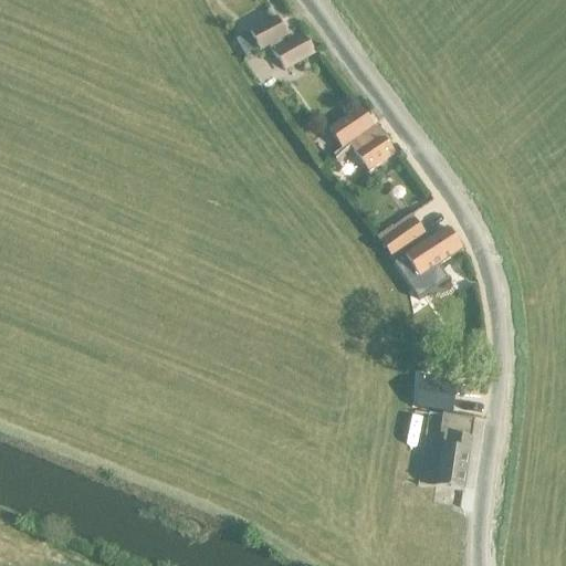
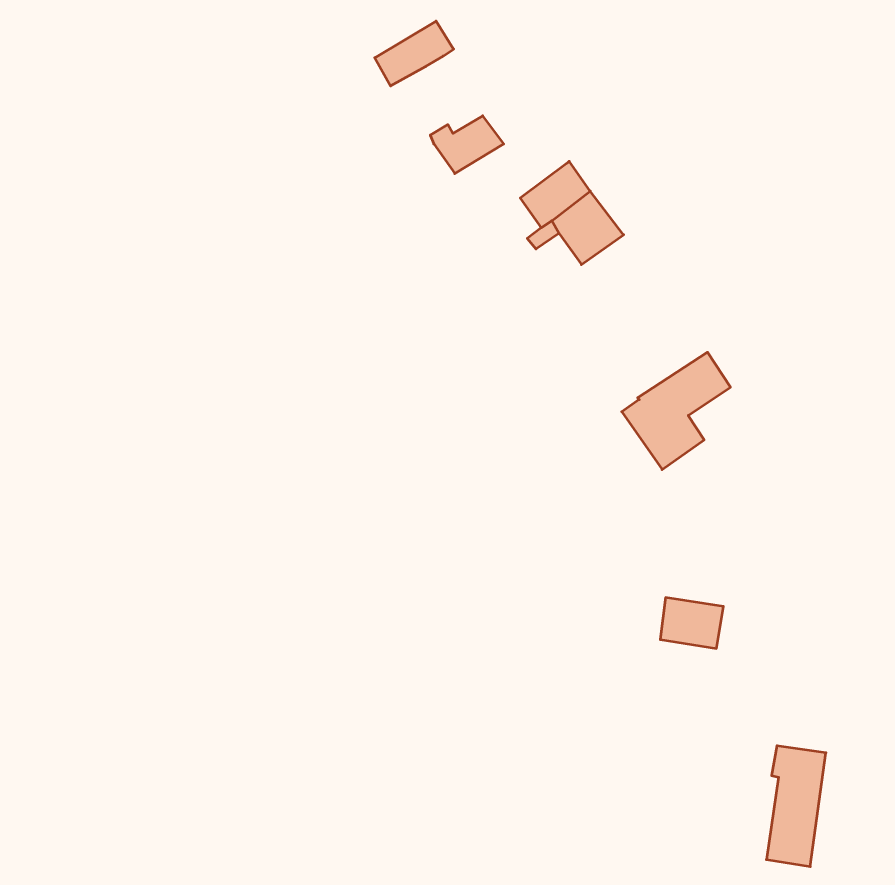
building: [269,30,315,66] -> [430,116,504,174]
building: [378,210,423,252] -> none
building: [434,410,472,486] -> [766,746,826,867]

